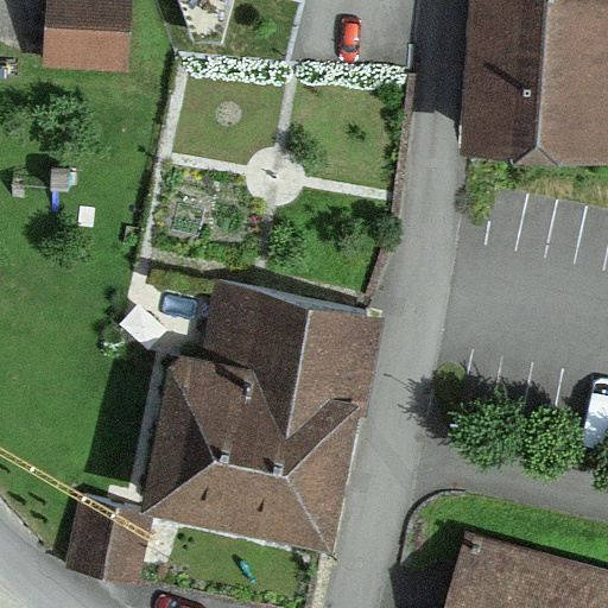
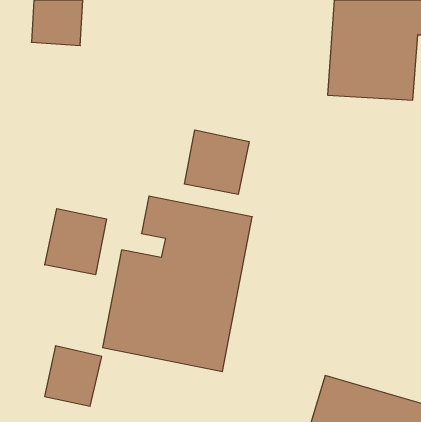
building: none -> [184,130,249,194]
building: none -> [45,209,106,275]

